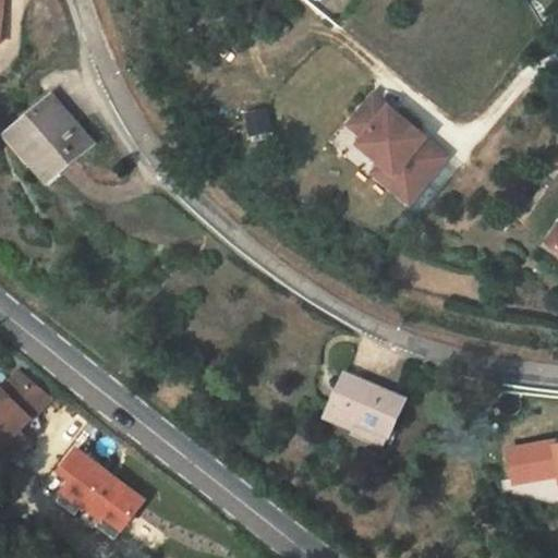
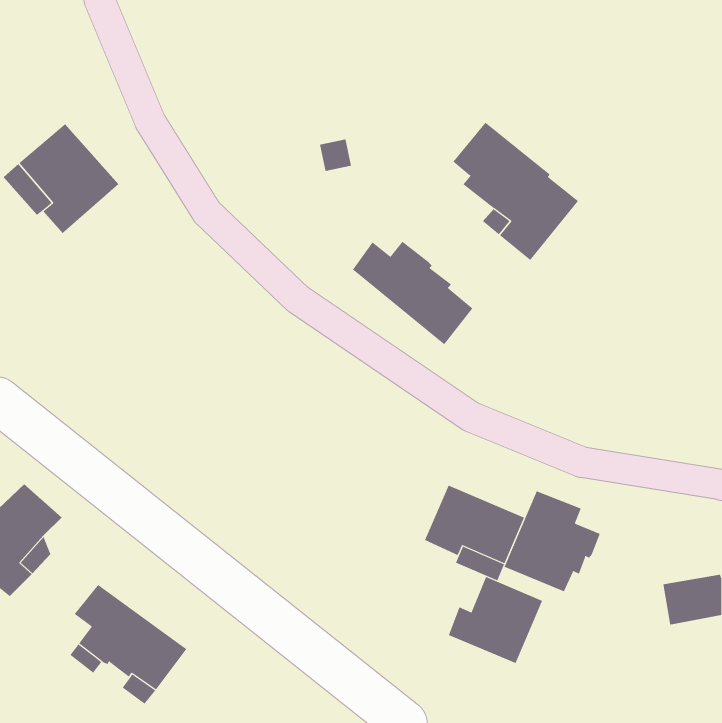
building: none -> [352,241,473,345]
building: none -> [504,491,600,592]
building: none -> [448,576,543,664]

